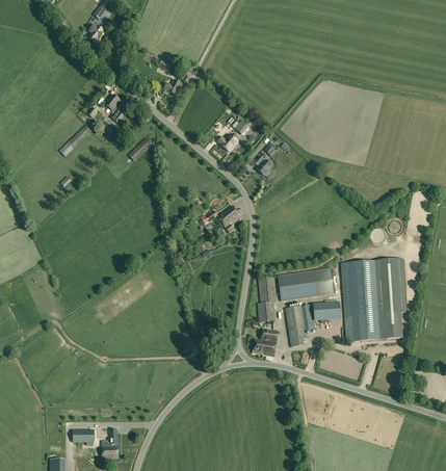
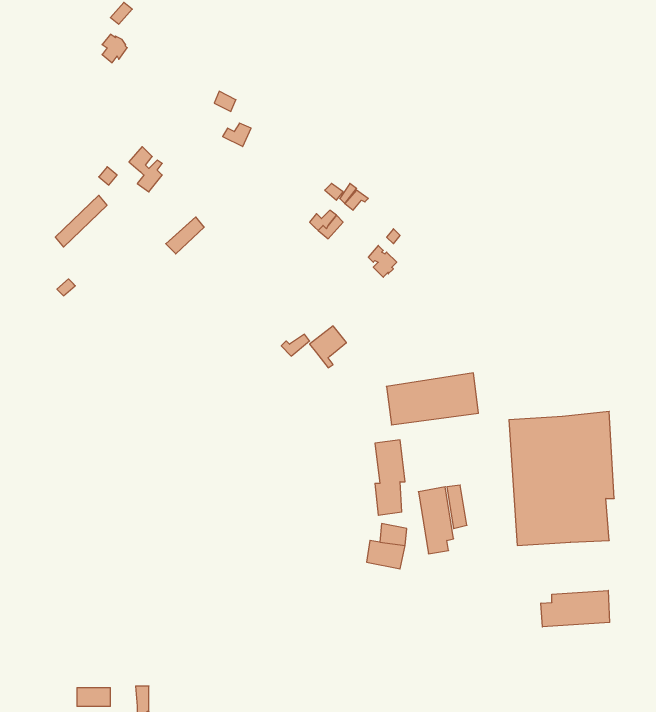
building: [278,267,335,299] -> [386,373,478,425]
building: [313,302,340,319] -> none
building: none -> [541,590,610,627]

